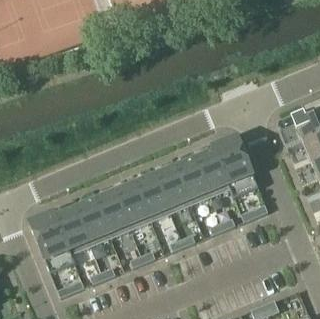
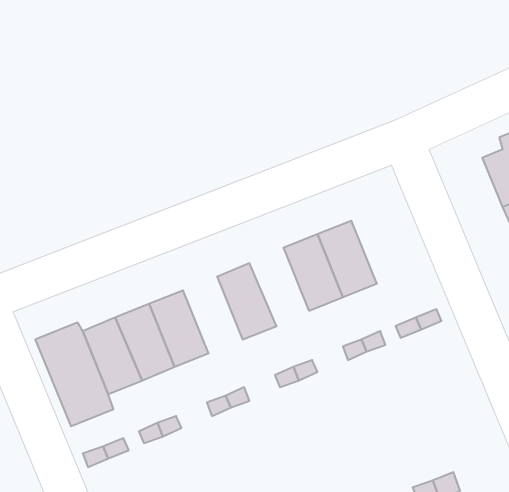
building: [211,136,257,198] -> none
building: [154,168,189,214] -> none
building: [115,185,150,230] -> none

